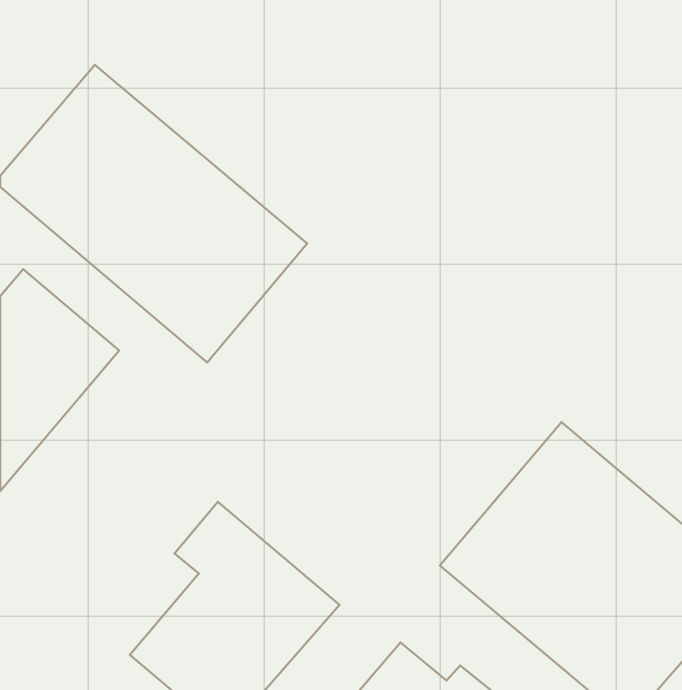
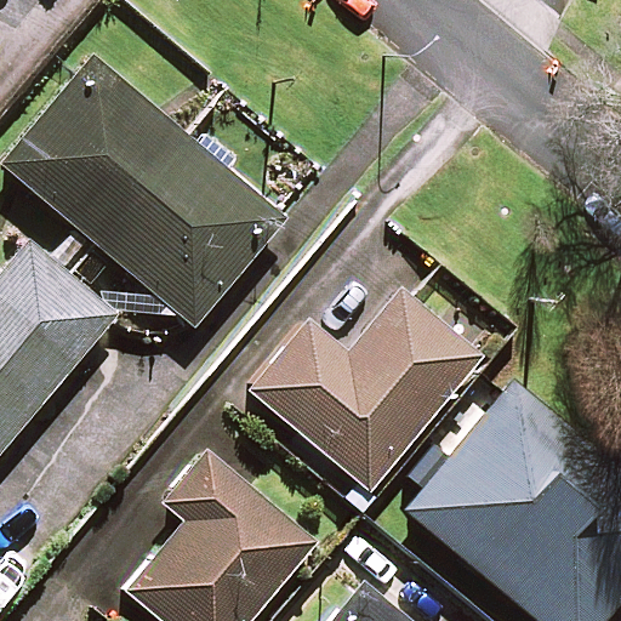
building: none -> [251,292,479,490]

